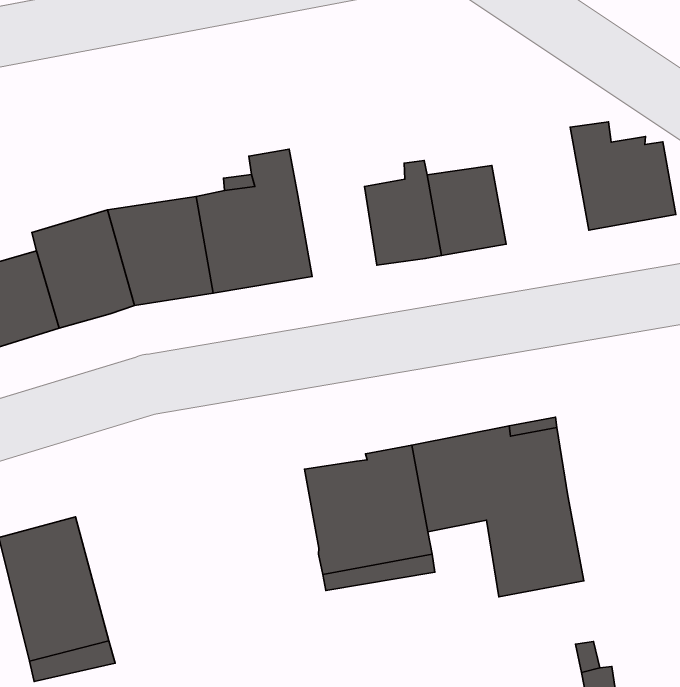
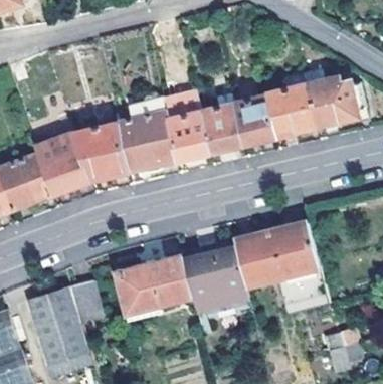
building: none -> [265,75,317,137]
building: none -> [169,103,211,160]
building: none -> [120,254,192,314]
building: none -> [71,281,105,325]

